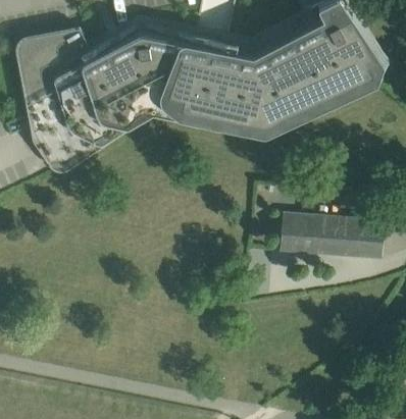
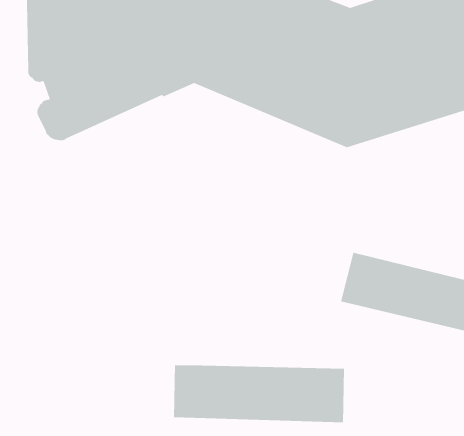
building: none -> [173,364,345,423]

